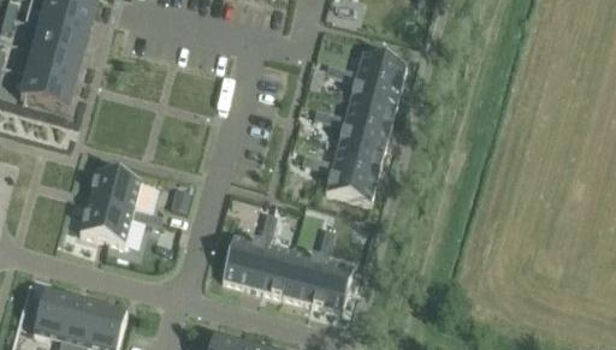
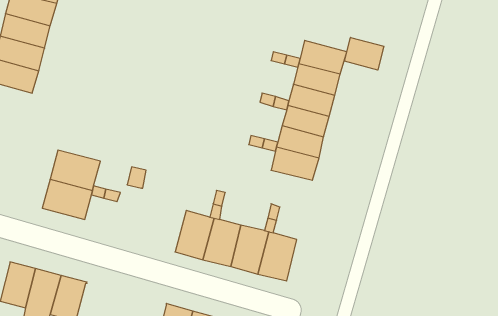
building: none -> [344,37,384,70]

